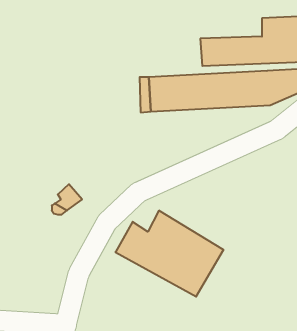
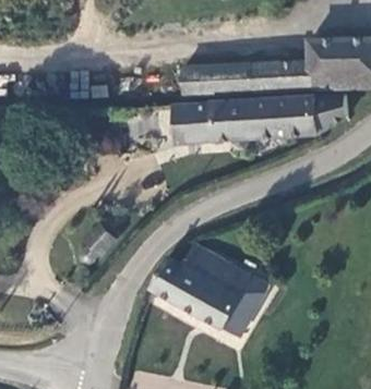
building: none -> [183,61,243,93]

